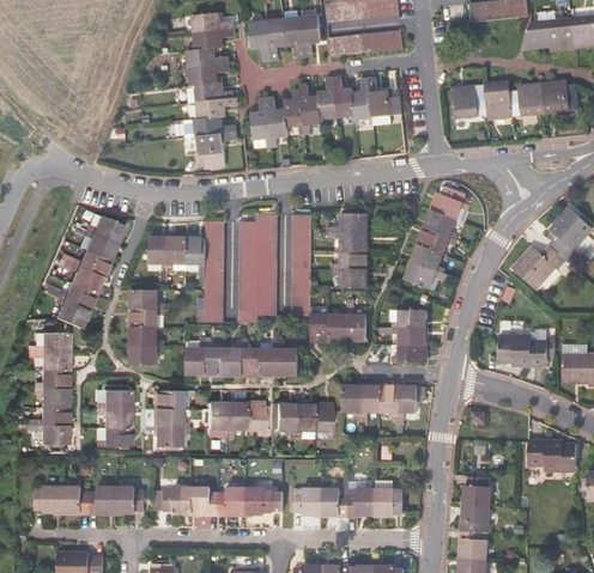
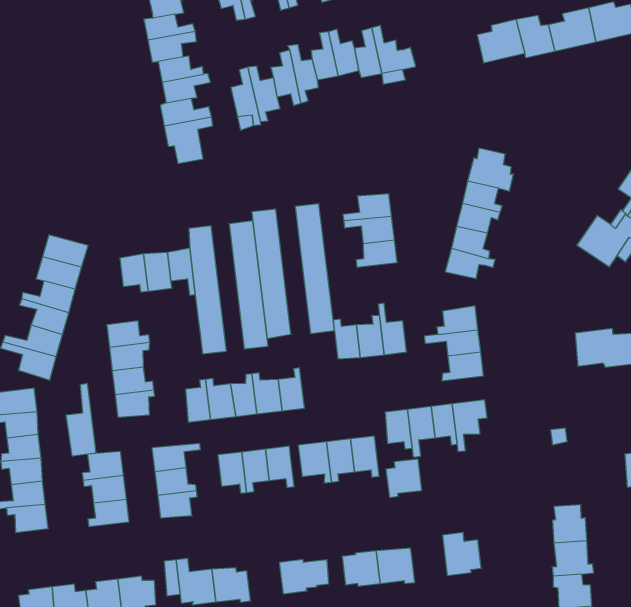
building: [333,266,366,285] -> none
building: none -> [66,383,96,456]
building: [279,340,298,372] -> none
building: [218,490,244,519] -> none
building: [350,493,376,520] -> [386,459,422,497]

